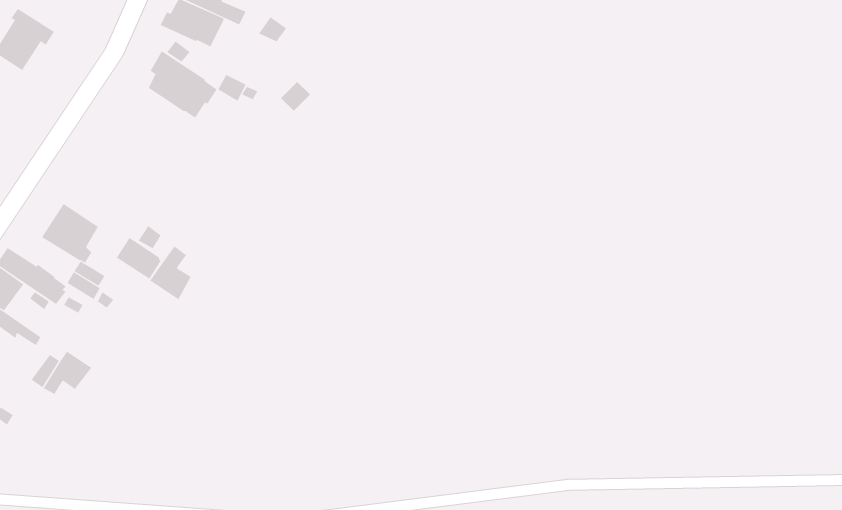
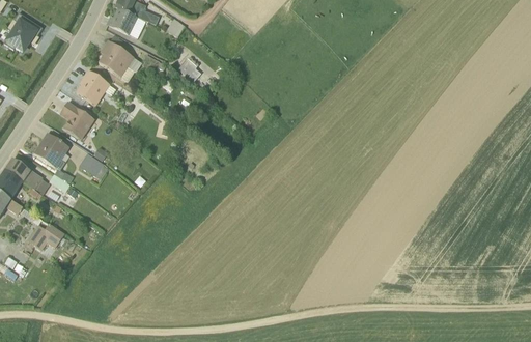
building: none -> [76,69,115,106]
building: none -> [59,101,94,140]
building: [150,246,192,300] -> none

